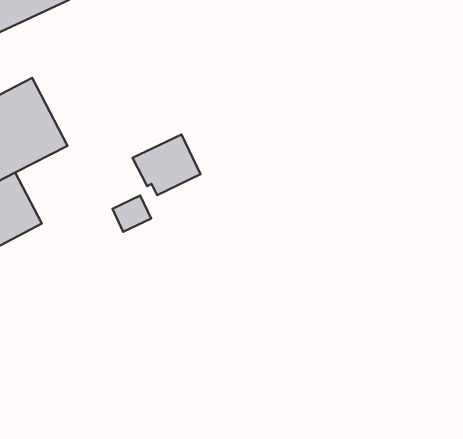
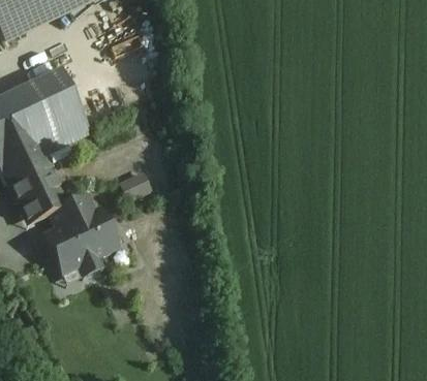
building: [132,134,200,195] -> none
building: none -> [50,197,126,272]

